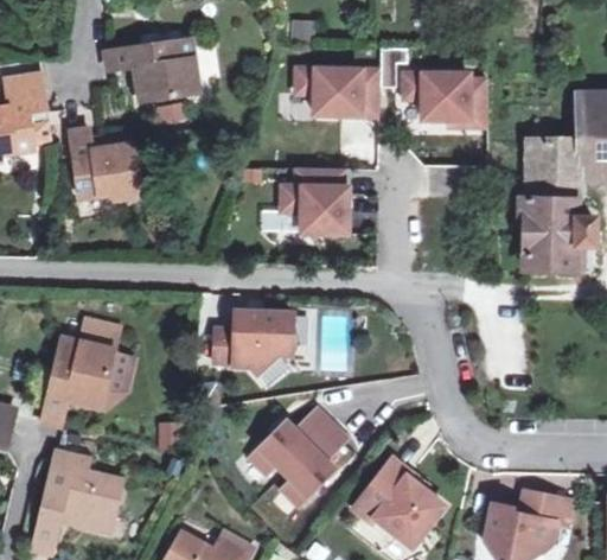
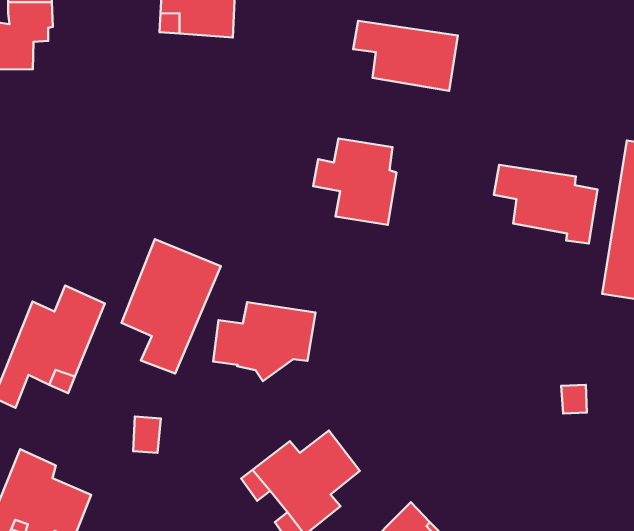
building: [408,71,492,126] -> [494,165,597,244]
building: [70,128,139,197] -> none
building: none -> [122,239,221,374]

